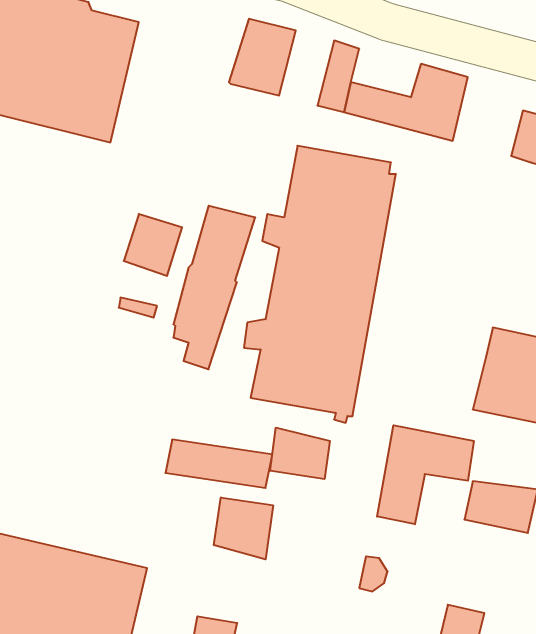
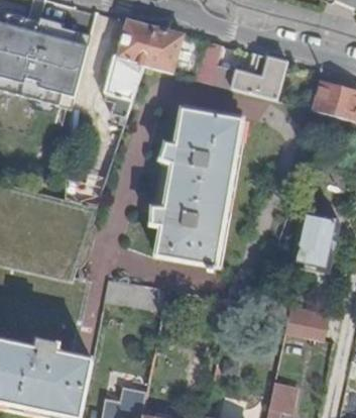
building: [173,206,255,369] -> [106,21,155,120]
building: [377,425,474,524] -> none
building: [270,428,330,479] -> none
building: [214,497,273,559] -> none

